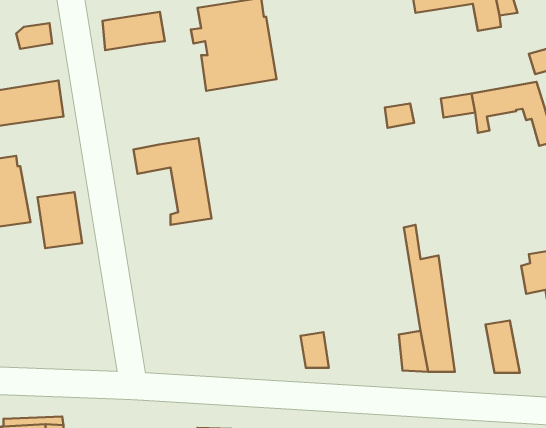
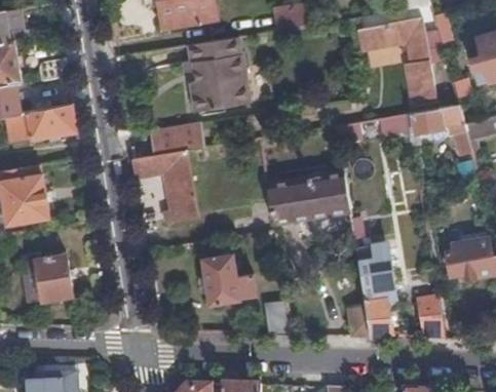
building: [102,12,165,50] -> [152,124,202,155]
building: none -> [406,61,435,102]
building: none -> [267,172,349,224]
building: [38,192,82,248] -> [36,253,72,299]
building: none -> [202,254,256,305]

